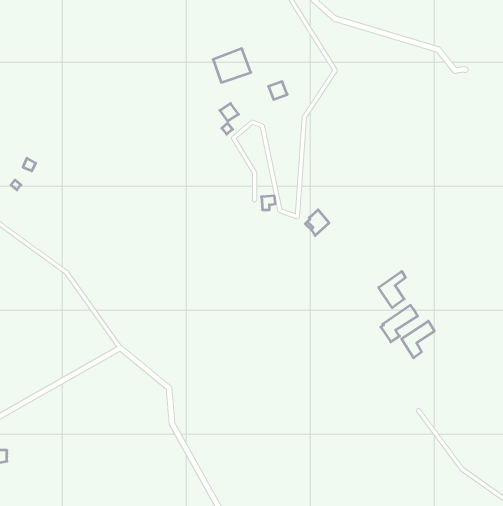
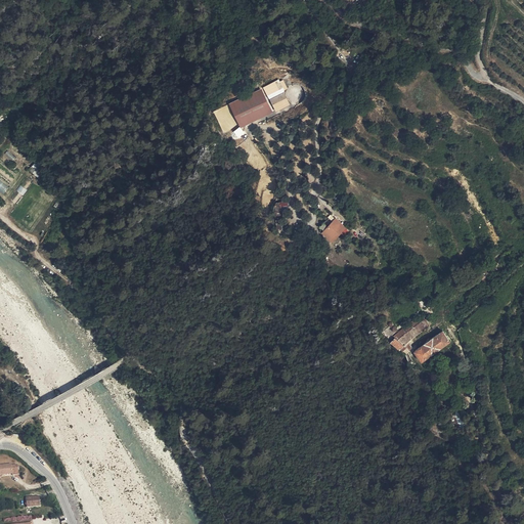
building: [213,49,251,82] -> [239,85,278,120]
building: [379,271,405,308] -> none

